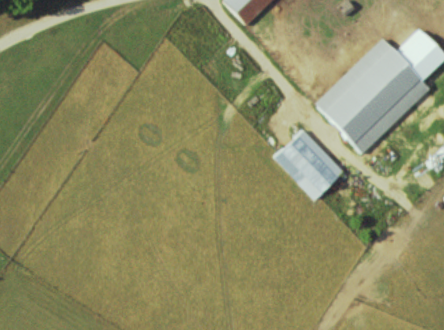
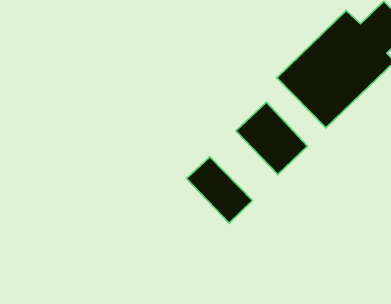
building: none -> [187,157,252,223]

